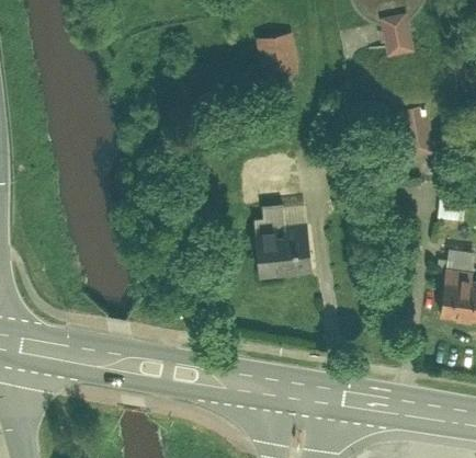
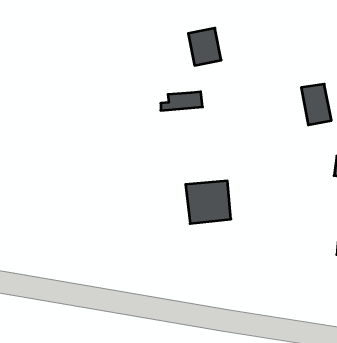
building: [381,14,413,55] -> none
building: [256,208,307,231] -> [161,92,203,110]

